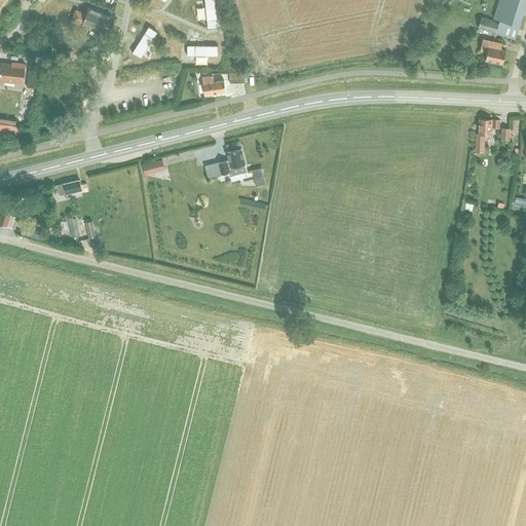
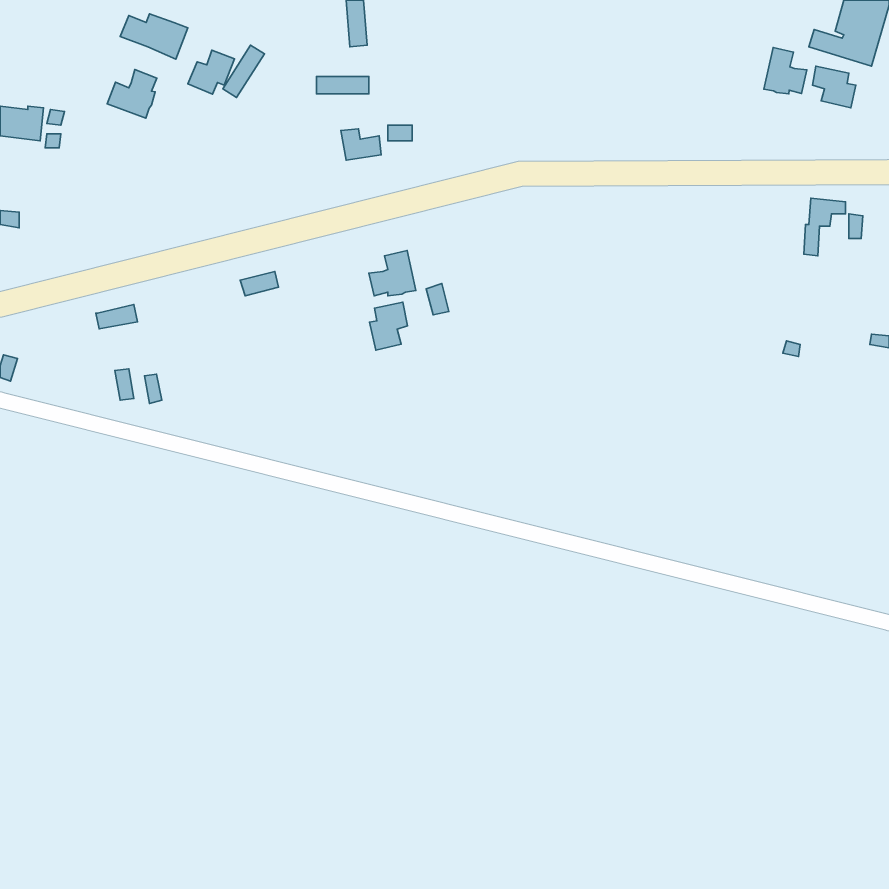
building: none -> [764,48,807,94]
building: none -> [188,50,234,94]
building: none -> [107,70,157,118]
building: none -> [369,302,407,350]

